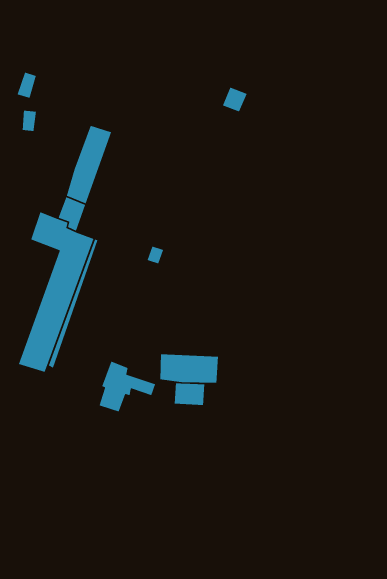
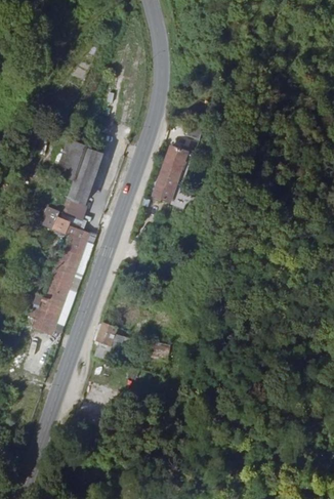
building: none -> [55,137,86,177]
building: none -> [153,145,193,202]
building: [159,353,219,383] -> none

